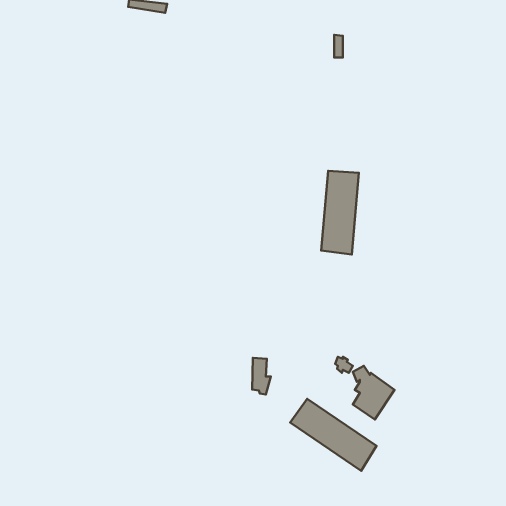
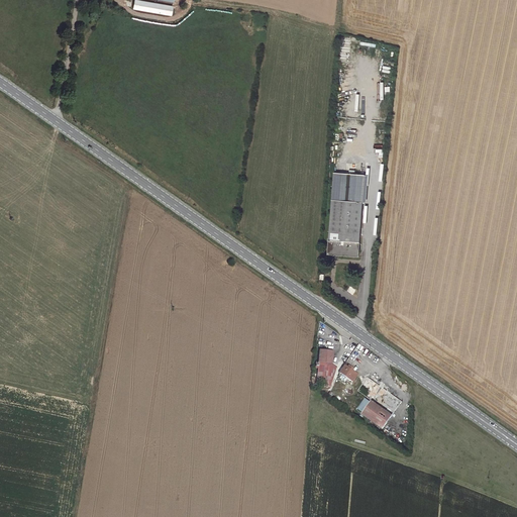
building: [252,358,271,395] -> [317,348,336,386]
building: [290,399,377,471] -> none

